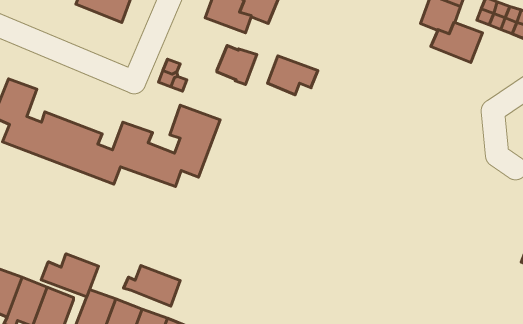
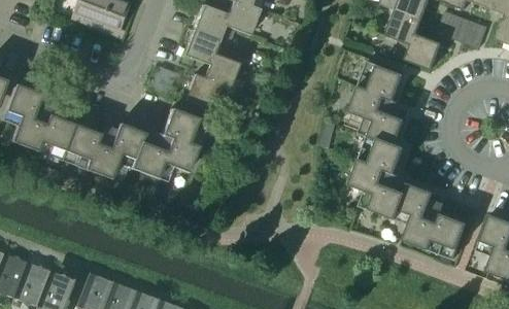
building: none -> [349,60,467,258]
building: [268,56,318,95] -> [183,29,229,64]
building: none -> [183,73,220,109]
building: [41,254,99,297] -> none
building: [123,265,180,306] -> none

